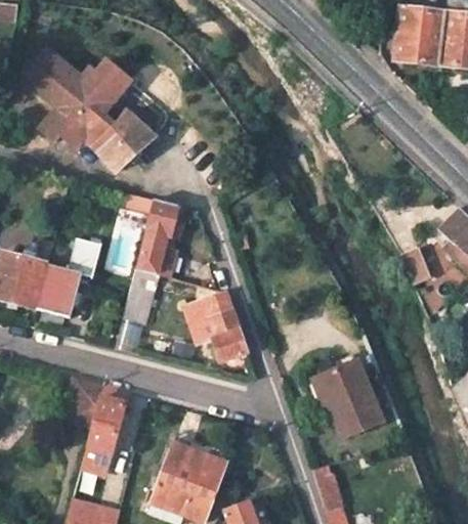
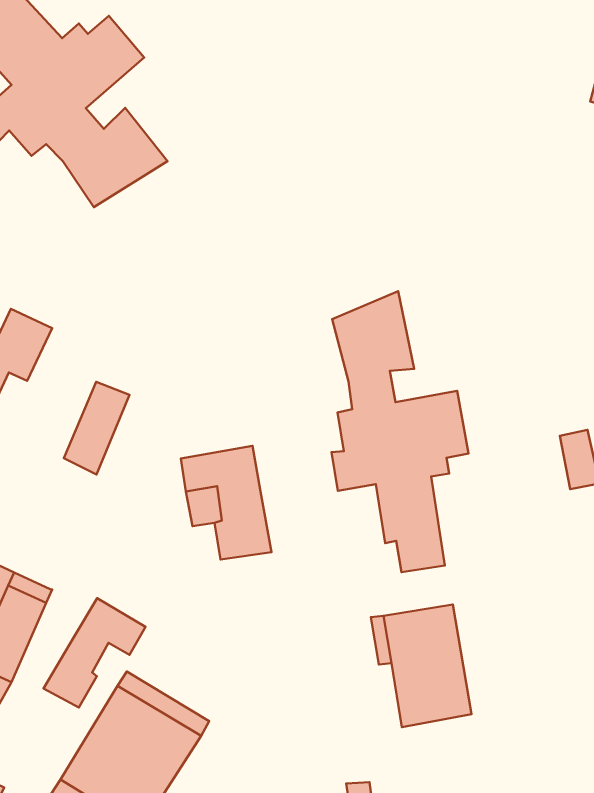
building: none -> [332,291,468,572]
building: [133,196,177,277] -> none
building: none -> [43,598,146,707]

